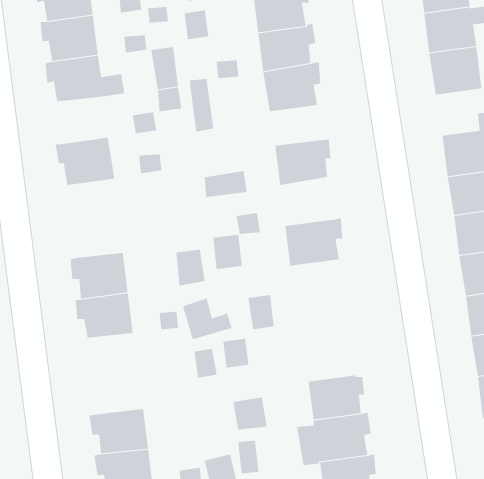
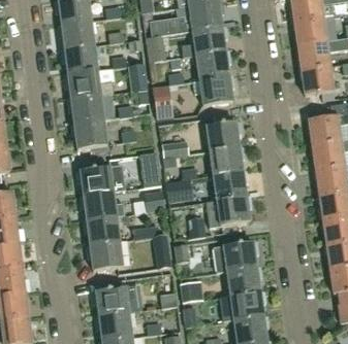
building: none -> [67,95,103,124]
building: none -> [209,144,245,174]
building: none -> [140,153,160,188]
building: none -> [75,165,125,194]
building: none -> [207,194,252,225]
building: none -> [86,240,123,270]
building: none -> [214,240,258,271]

